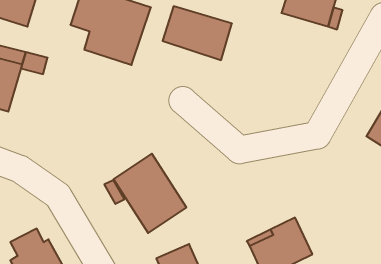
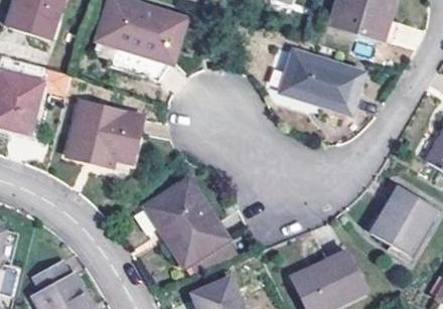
building: [163,6,232,60] -> [280,51,356,111]
building: none -> [66,101,147,168]
building: none -> [368,185,435,255]

